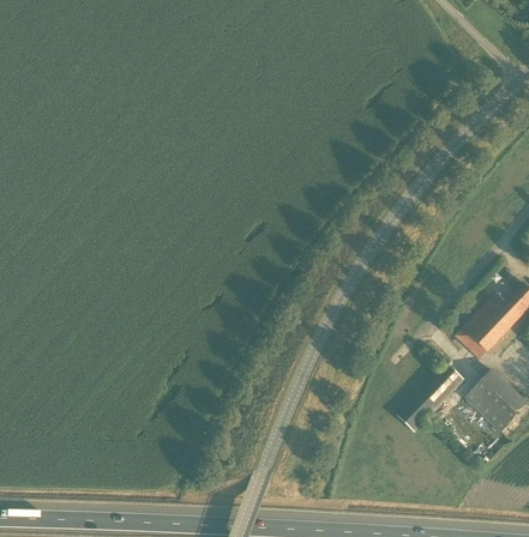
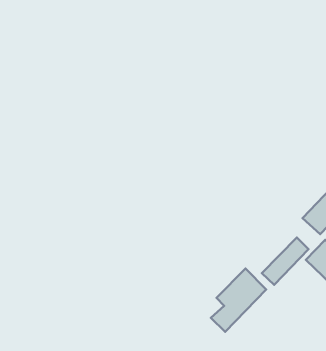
building: none -> [211,268,266,332]

